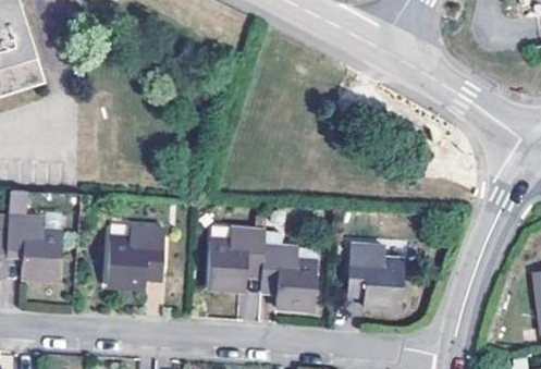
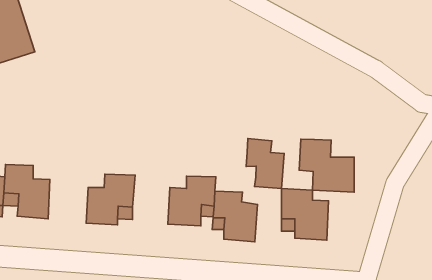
building: none -> [246,138,284,189]
building: none -> [299,139,354,192]

